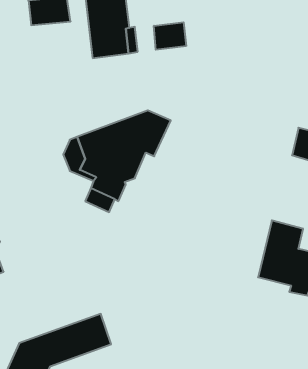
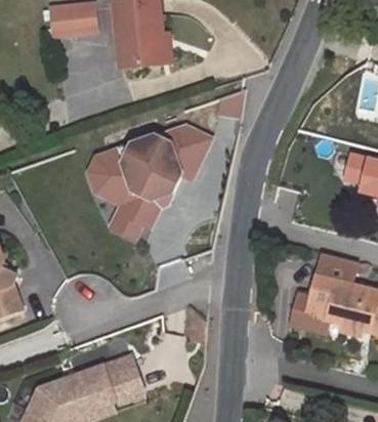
building: [154,22,186,50] -> none

